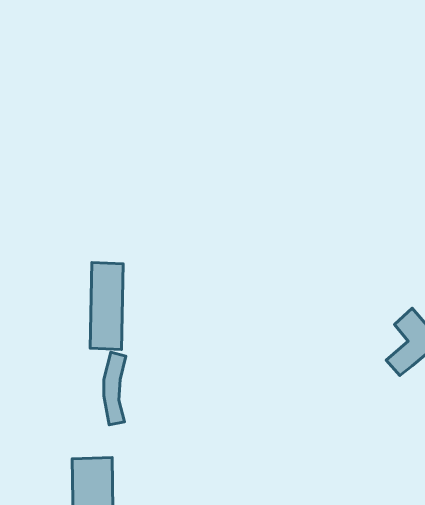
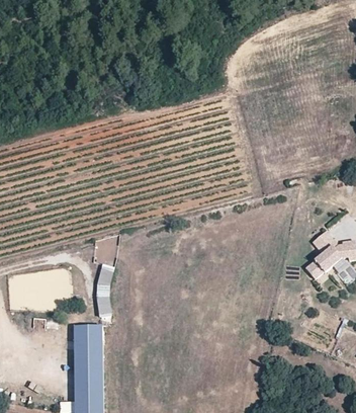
building: [90,263,123,350] -> none
building: none -> [74,325,103,341]

